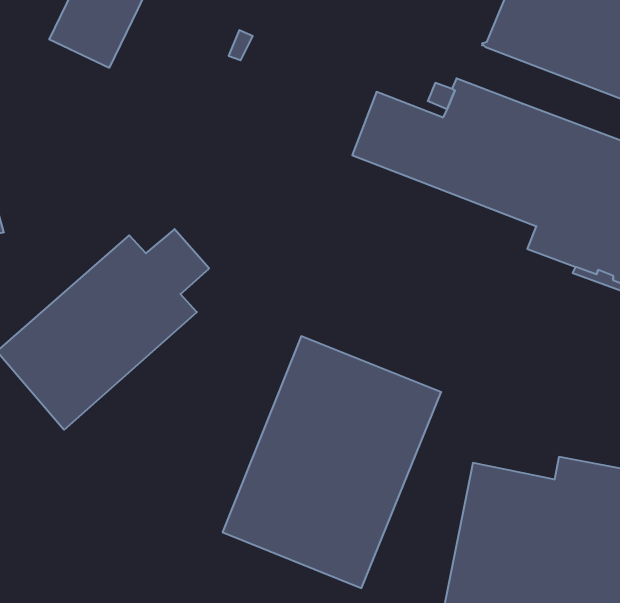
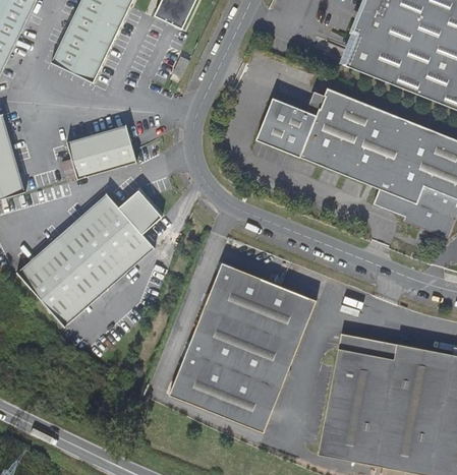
building: none -> [60,126,134,179]
building: none -> [338,334,396,359]

